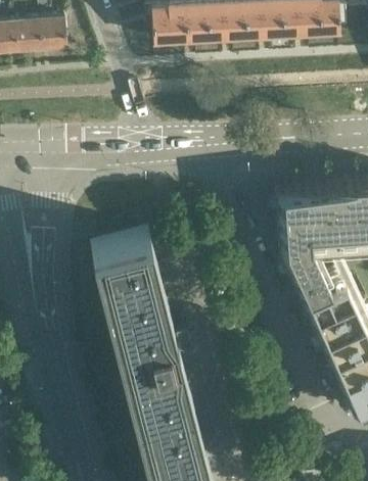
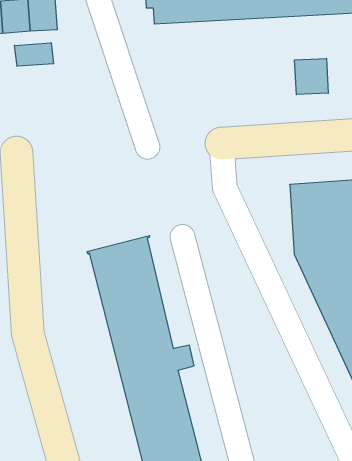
building: none -> [15,43,54,66]
building: none -> [295,58,328,95]

